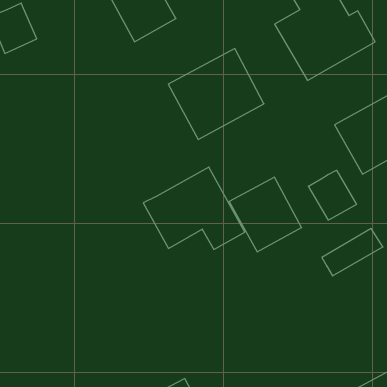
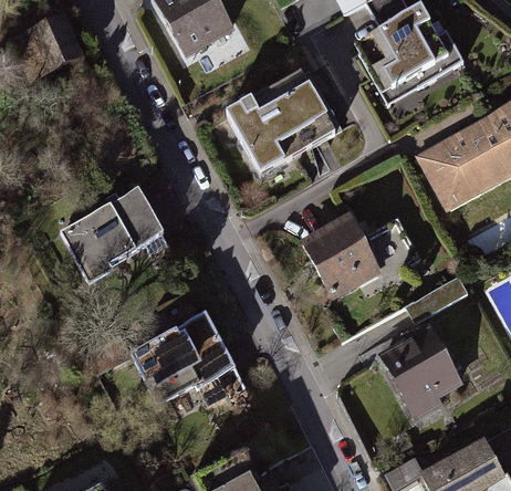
building: none -> [60,189,163,285]
building: [143,167,245,249] -> [129,314,246,408]
building: [308,170,356,220] -> none
building: none -> [382,330,465,415]

